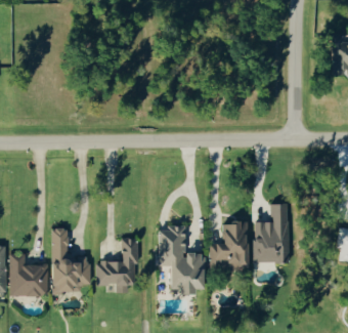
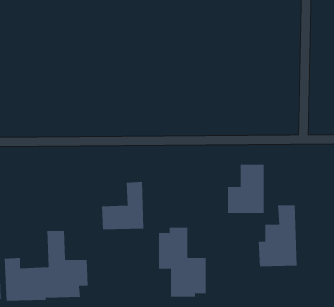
building: [210,223,246,270] -> [227,164,265,213]
building: [97,239,138,285] -> [101,182,144,230]

